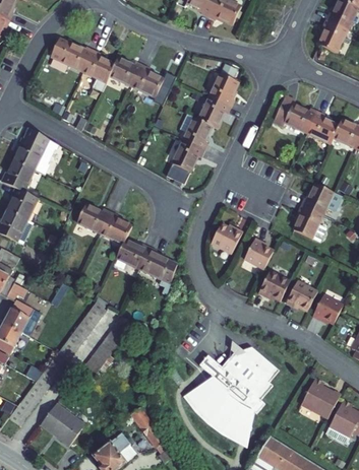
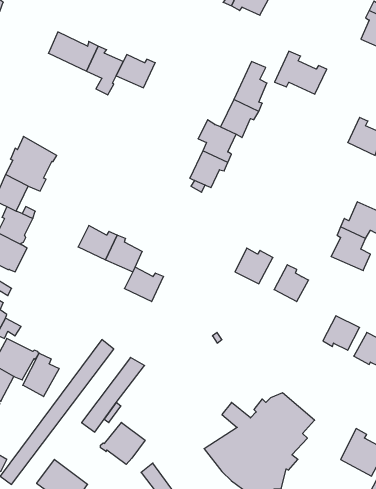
building: [132,64,176,103] -> none
building: [273,95,317,132] -> [275,51,327,94]
building: [139,247,177,294] -> none
building: [258,270,290,300] -> none
building: none -> [23,353,59,397]
building: none -> [101,422,145,464]

